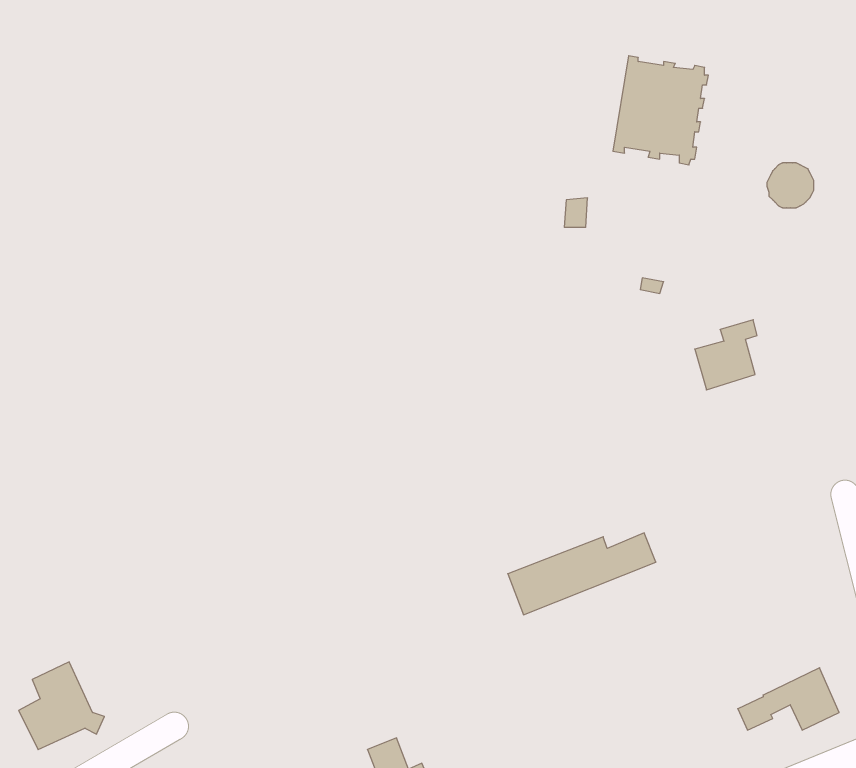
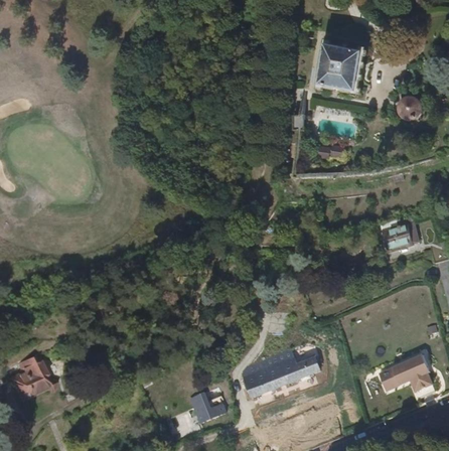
building: [695,320,757,390] -> [382,215,414,252]
building: [508,533,656,615] -> [244,355,320,398]

